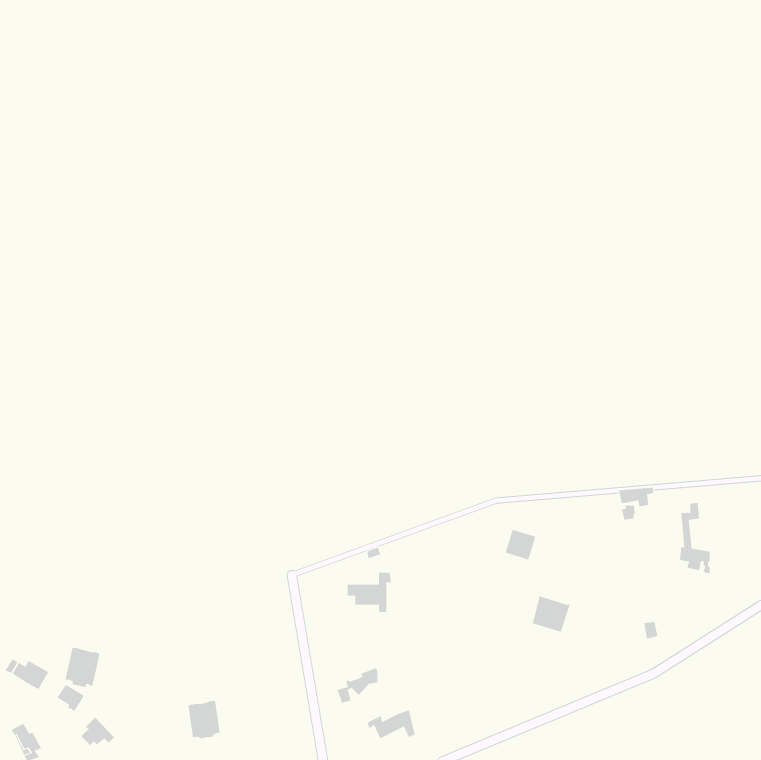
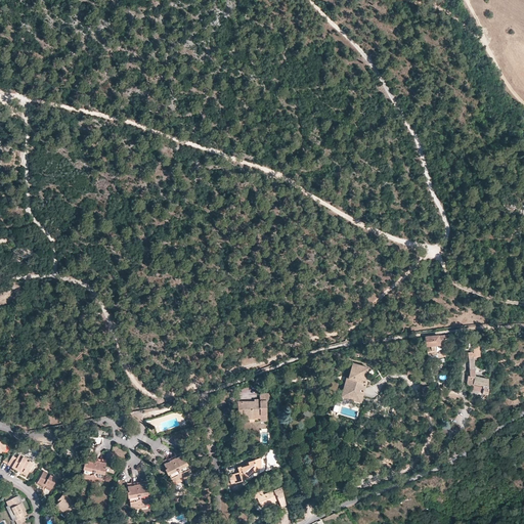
building: [532,595,571,632] -> [340,380,366,405]
building: [64,647,100,688] -> [83,456,107,484]
building: none -> [163,453,190,483]

